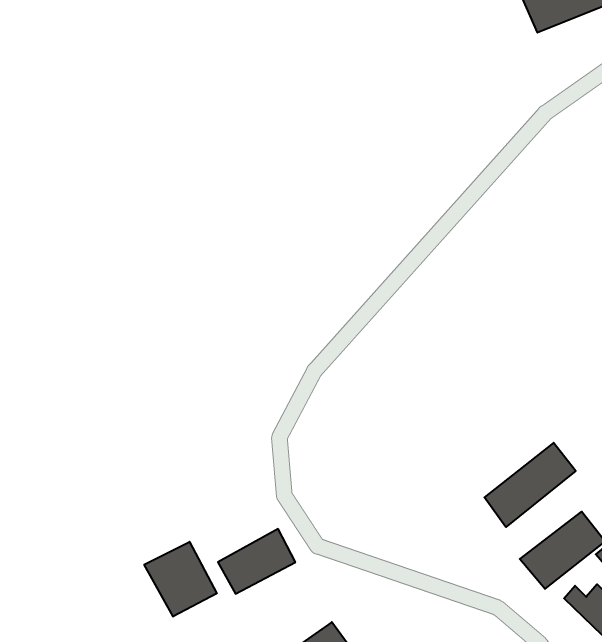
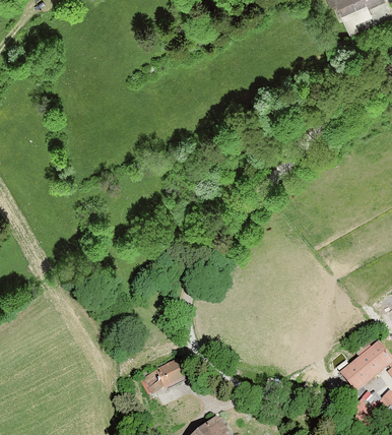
building: [484,443,576,527] -> none
building: [144,542,217,617] -> none

